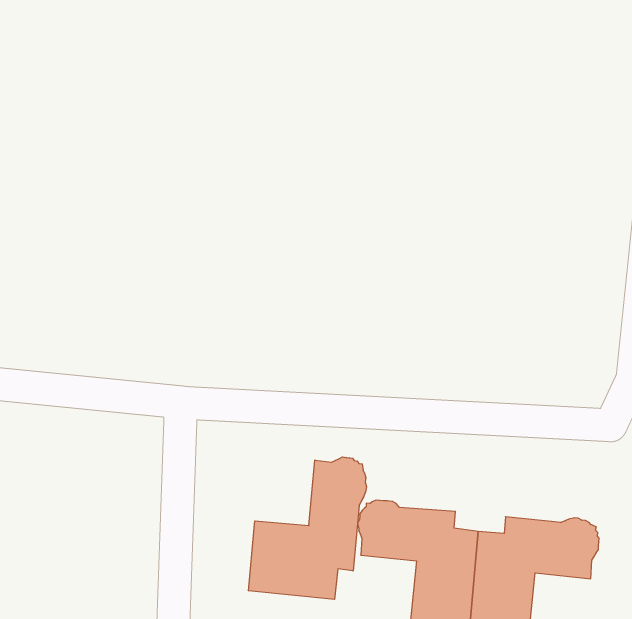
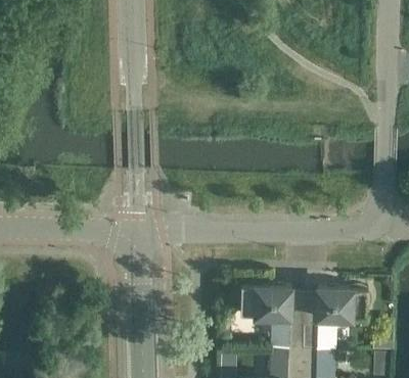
building: [248,457,366,599] -> none

